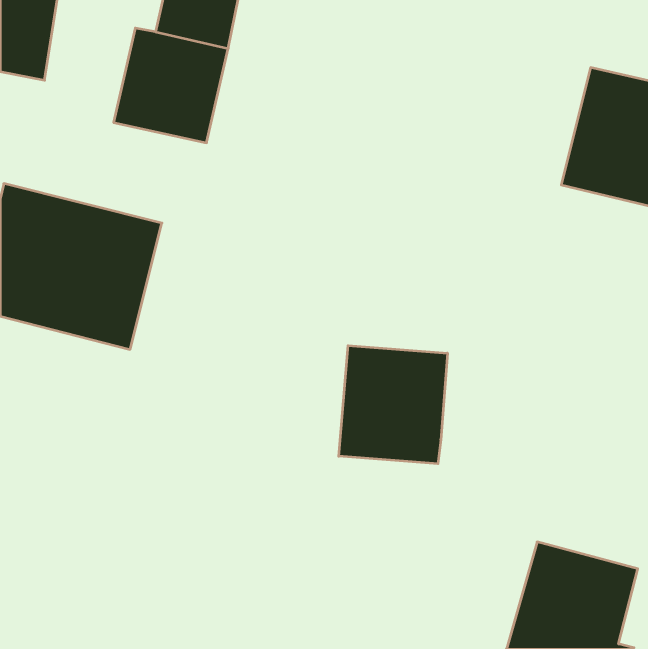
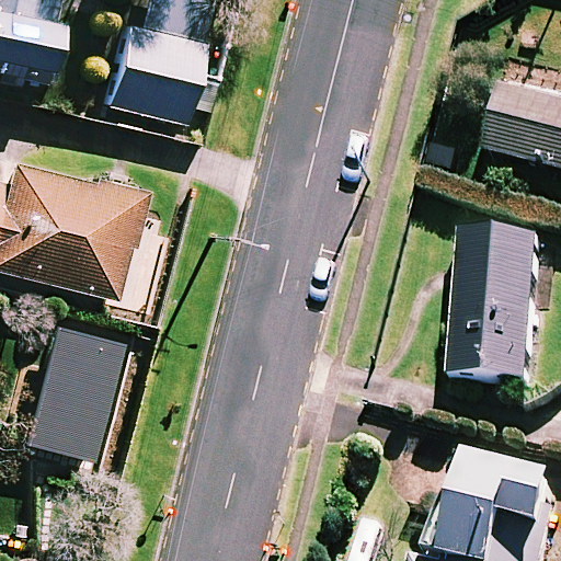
building: none -> [451,236,540,386]
building: [339,346,447,464] -> none
building: none -> [36,336,93,419]

